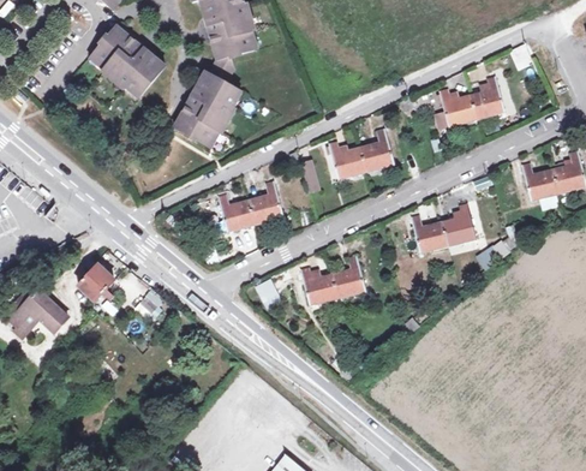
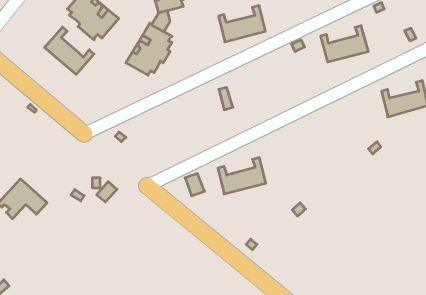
building: none -> [45,27,94,74]
building: [329,130,393,179] -> [219,6,265,42]
building: [216,181,282,232] -> none
building: [409,204,474,254] -> none
building: [77,264,113,300] -> none

